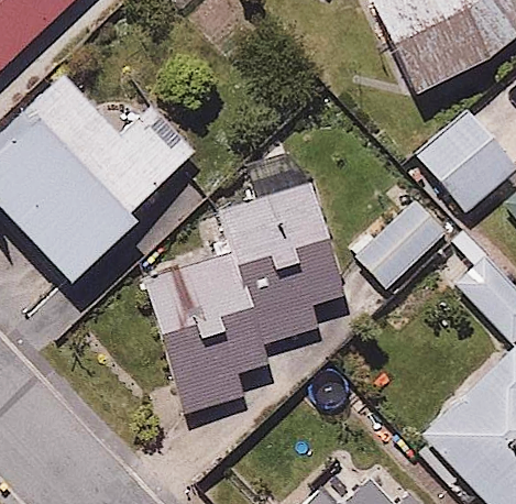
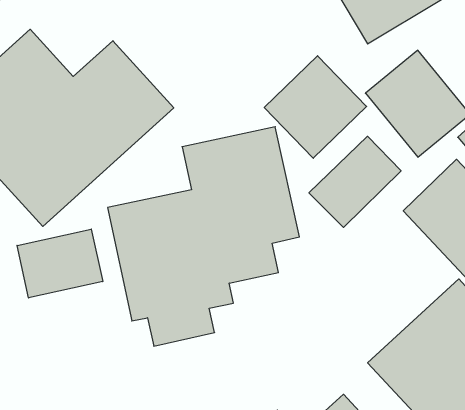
building: none -> [264,56,367,158]
building: none -> [17,229,103,298]

